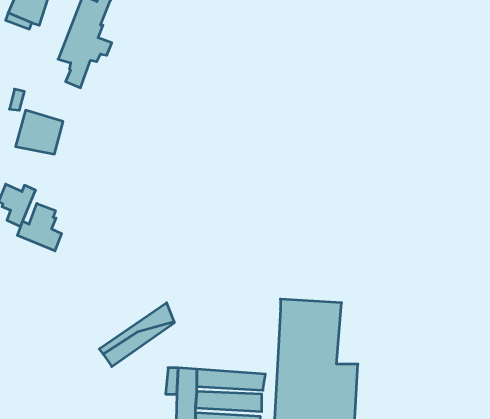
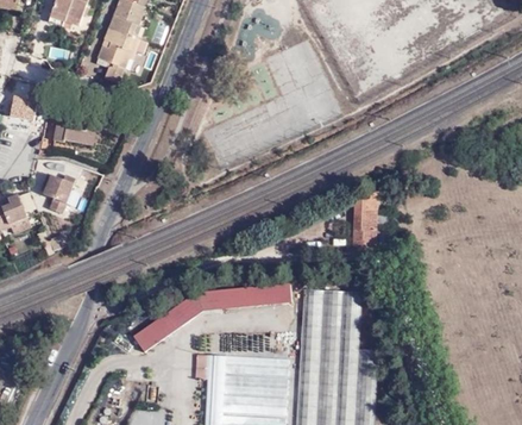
building: none -> [350,192,377,252]
building: [17,203,62,251] -> none
building: none -> [197,282,293,310]

